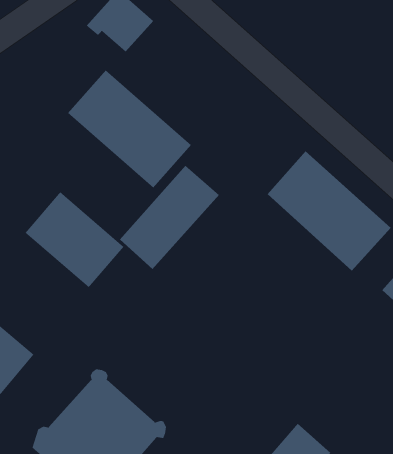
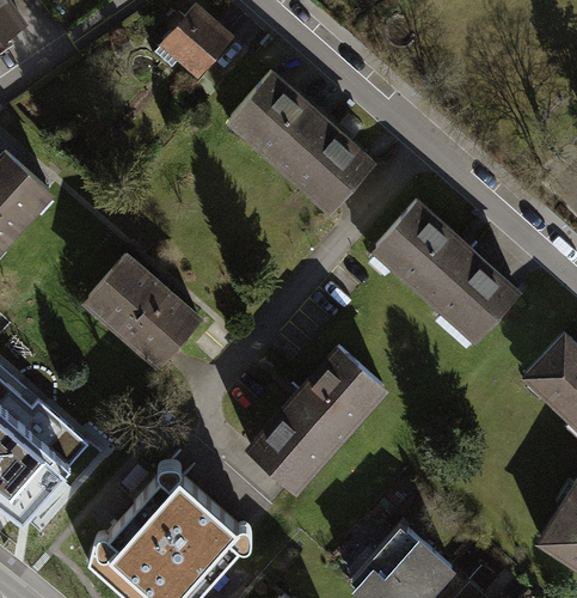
building: [67,70,192,188] -> [225,72,375,215]
building: [119,165,220,270] -> none
building: none -> [250,343,395,494]

